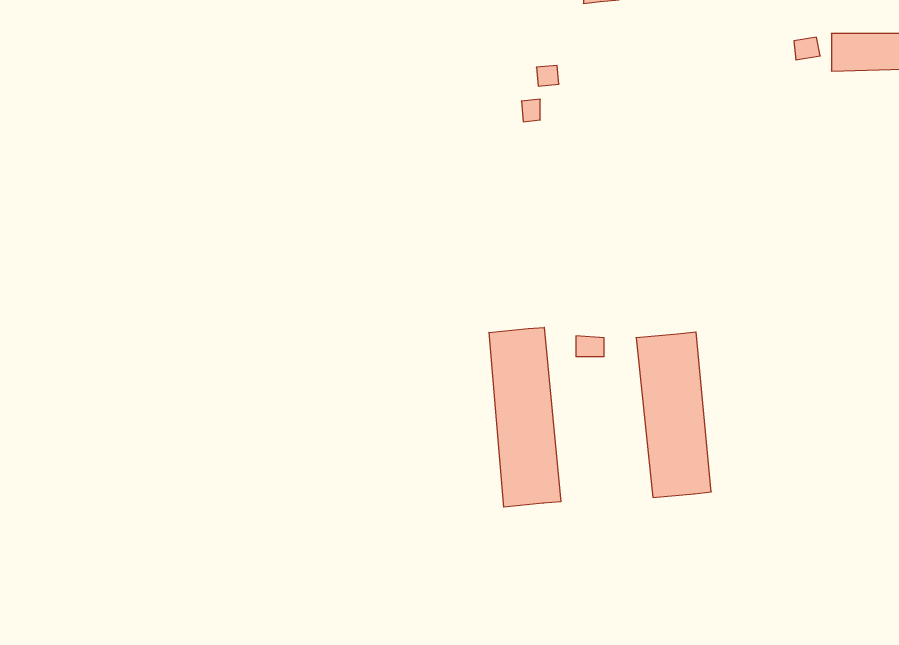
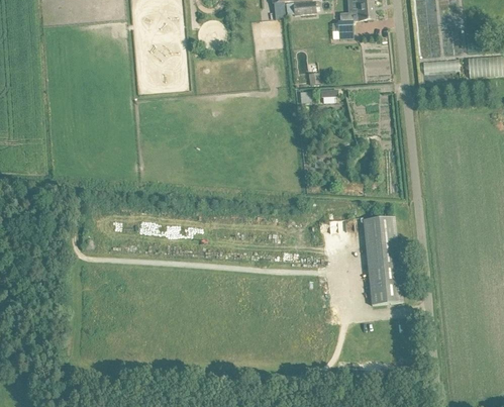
building: [489,327,561,507] -> none

